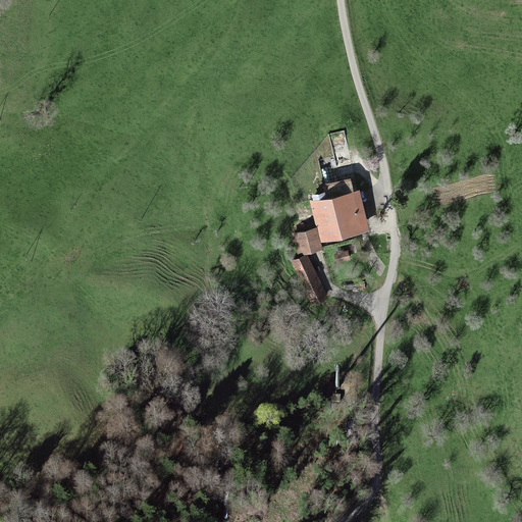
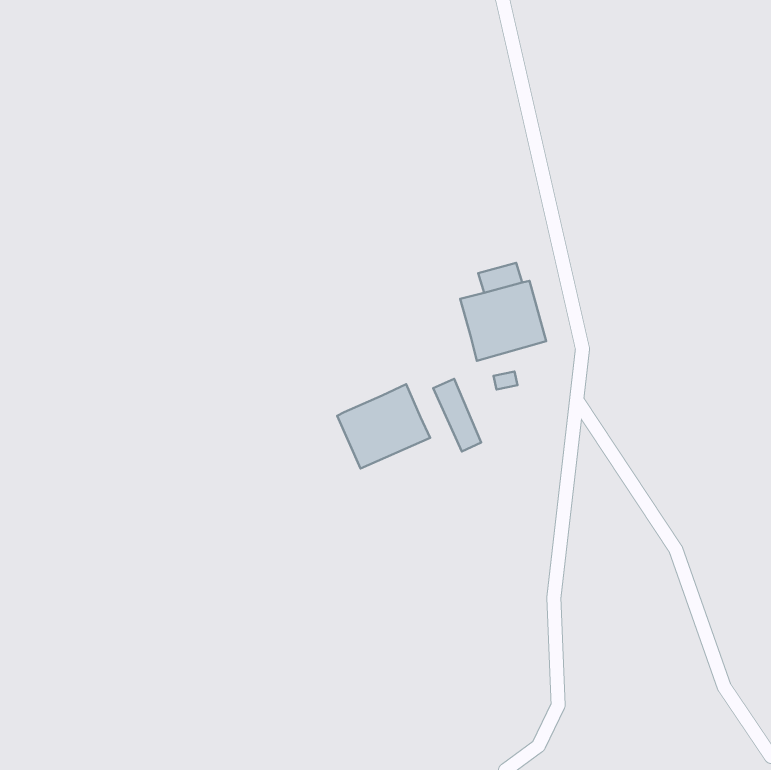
building: [295,227,323,256] -> none
building: none -> [337,384,430,469]

